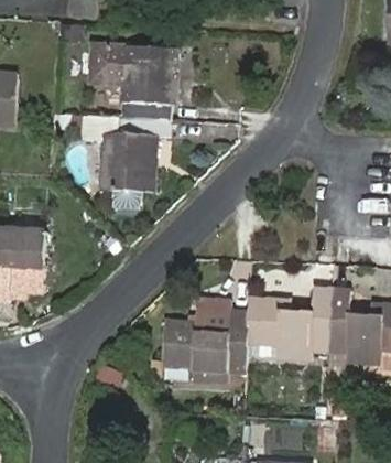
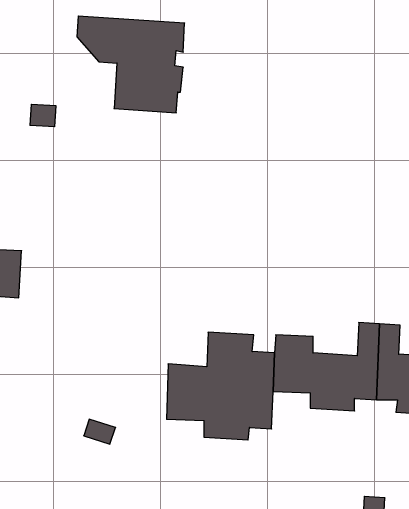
building: [83,114,169,190] -> none

